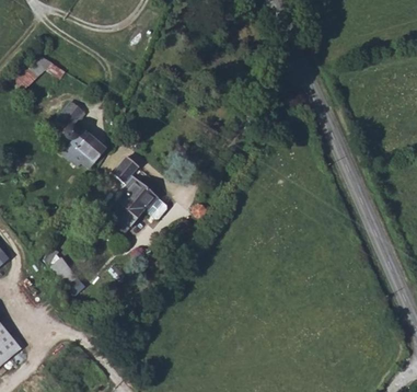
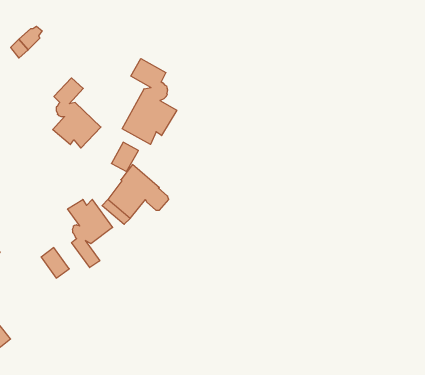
building: none -> [122,59,177,144]
building: none -> [68,199,113,268]

